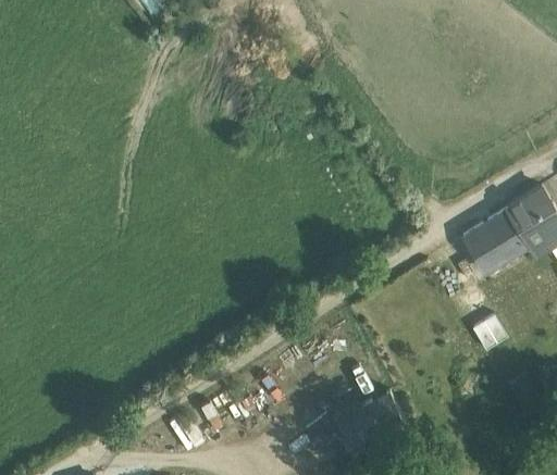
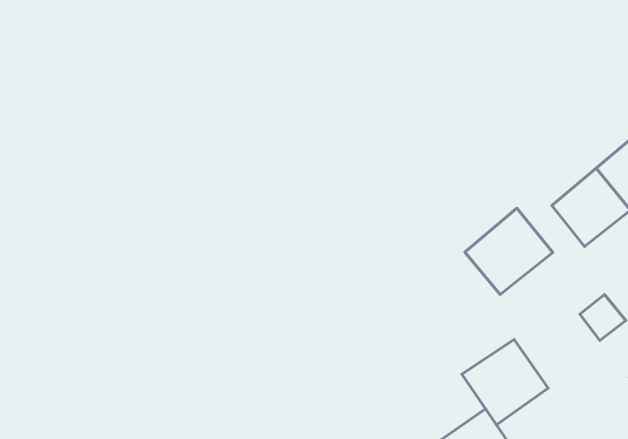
building: none -> [465,208,553,295]
building: none -> [462,339,548,425]

